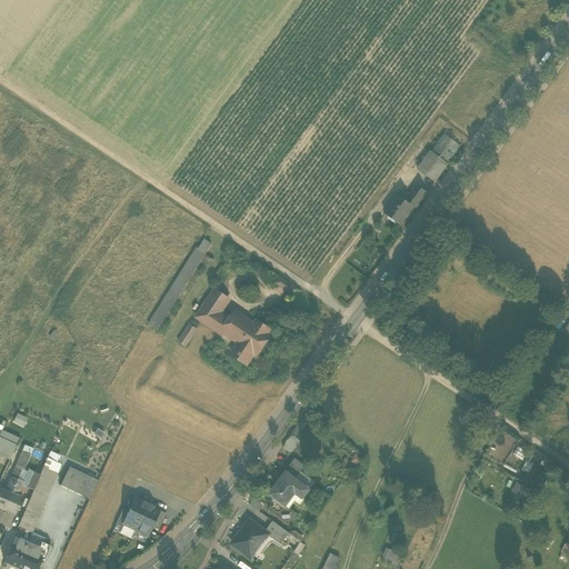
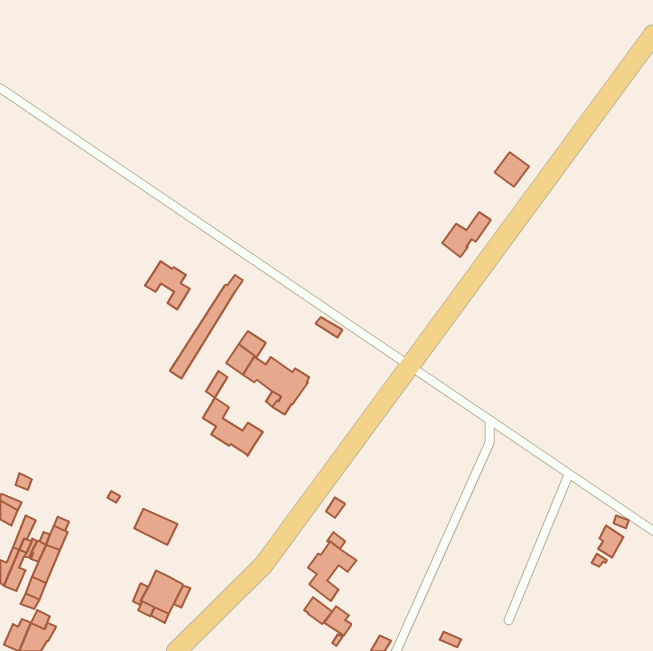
building: [417,149,448,180] -> none
building: none -> [145,261,190,310]
building: none -> [203,398,263,456]
building: [60,467,98,498] -> [134,509,178,545]
building: [232,519,268,557] -> none

